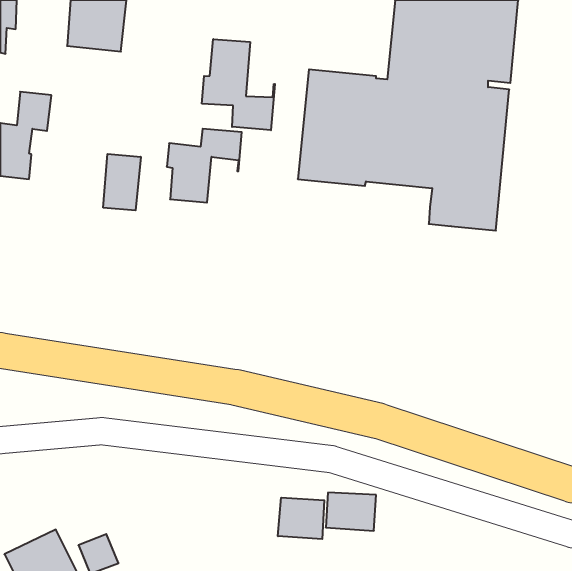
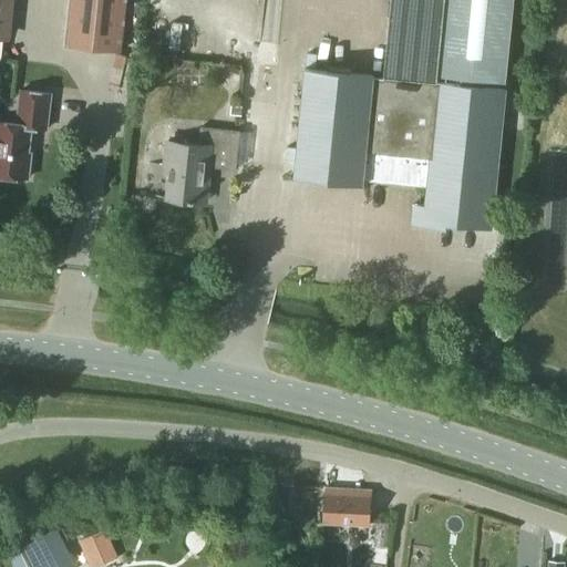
building: [202,39,275,130] -> none
building: [103,154,141,210] -> none
building: [278,498,324,539] -> none

